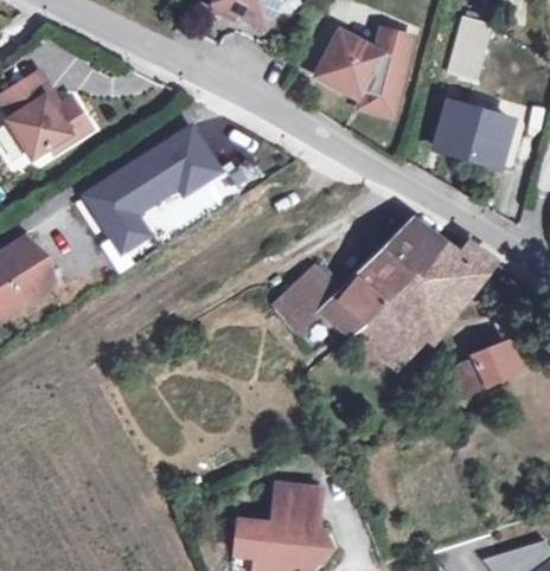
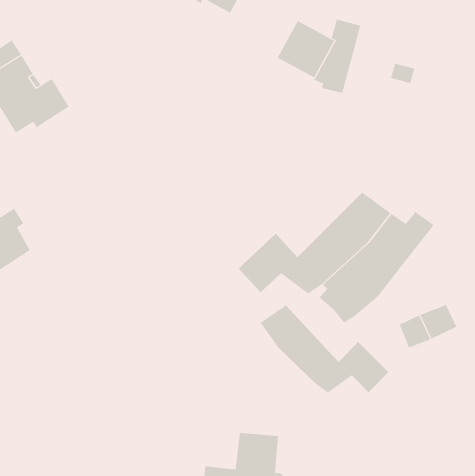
building: [449,15,486,77] -> none
building: [435,102,511,163] -> none
building: [87,128,218,254] -> none
building: none -> [260,305,389,393]

